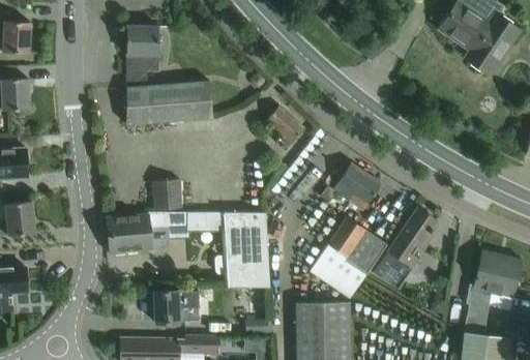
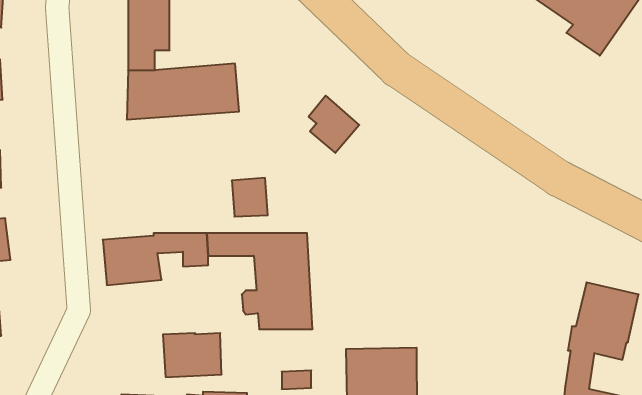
building: [320,162,382,210] -> none
building: [153,179,181,209] -> [232,178,268,217]
building: [375,208,437,289] -> none
building: [310,216,387,298] -> none

